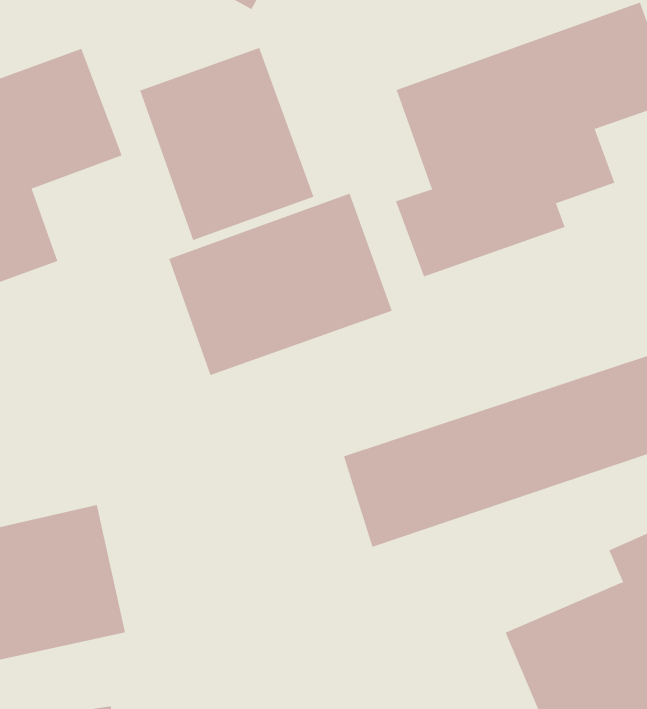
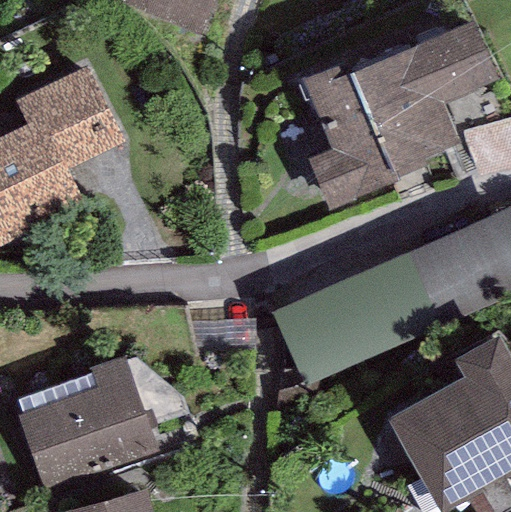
building: [140,47,314,241] -> none
building: [168,193,392,376] -> none

